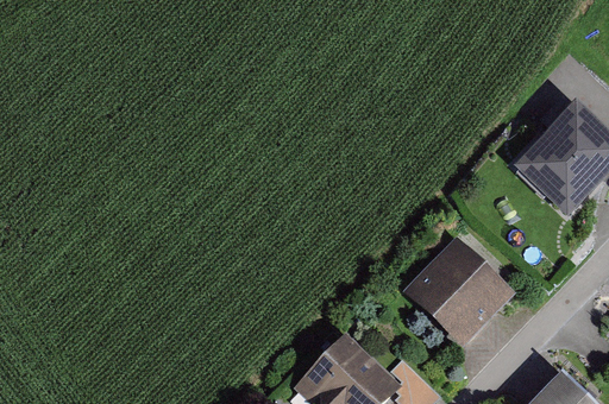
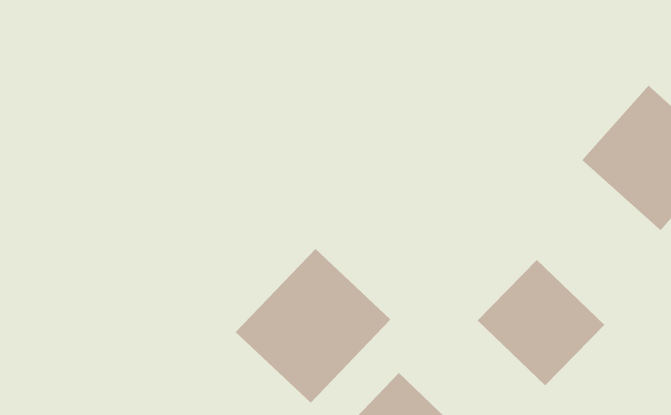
building: none -> [235,248,391,403]

